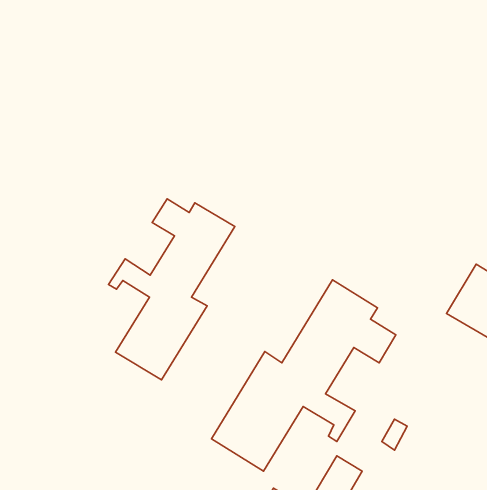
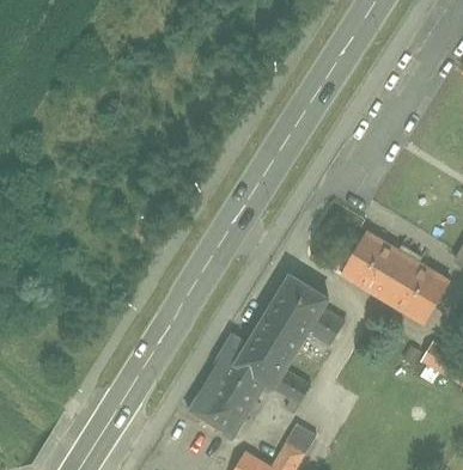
building: [109,199,235,380] -> none
building: none -> [340,232,412,303]

